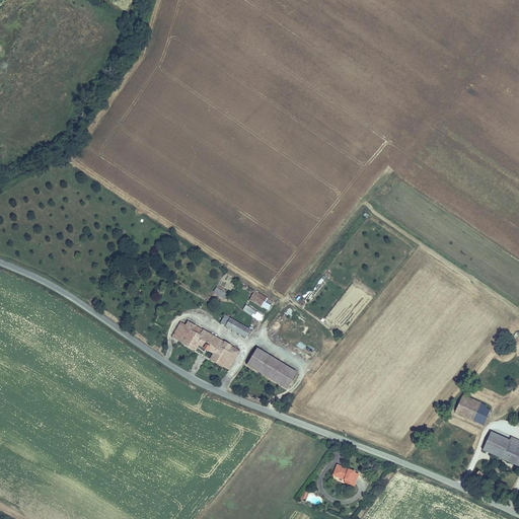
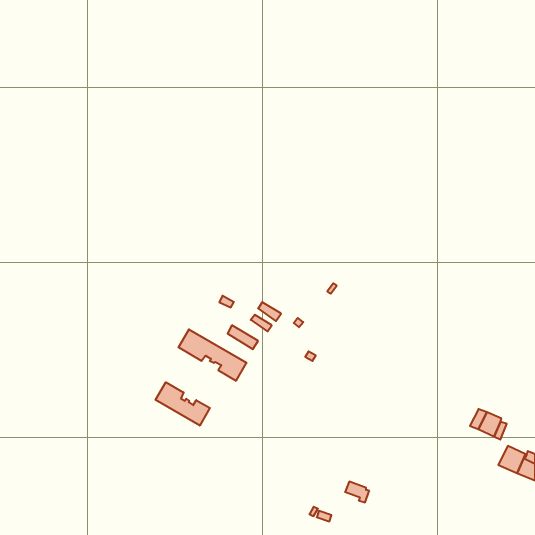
building: [246,347,296,387] -> none
building: none -> [156,382,210,426]

